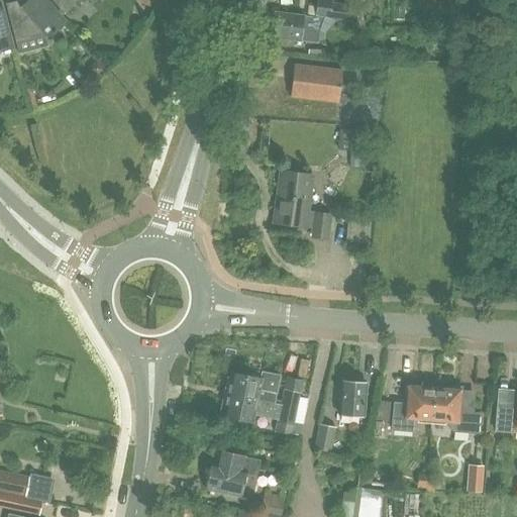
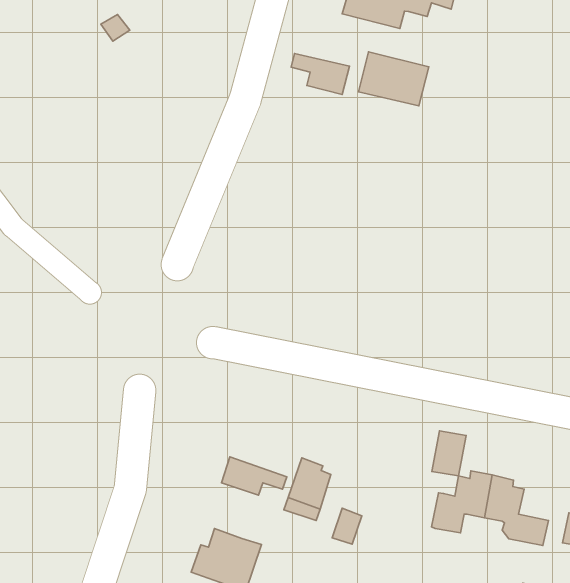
building: none -> [291,54,349,94]
building: [275,171,331,238] -> none
building: [226,371,279,404] -> none
building: [340,381,364,414] -> [432,431,466,476]

